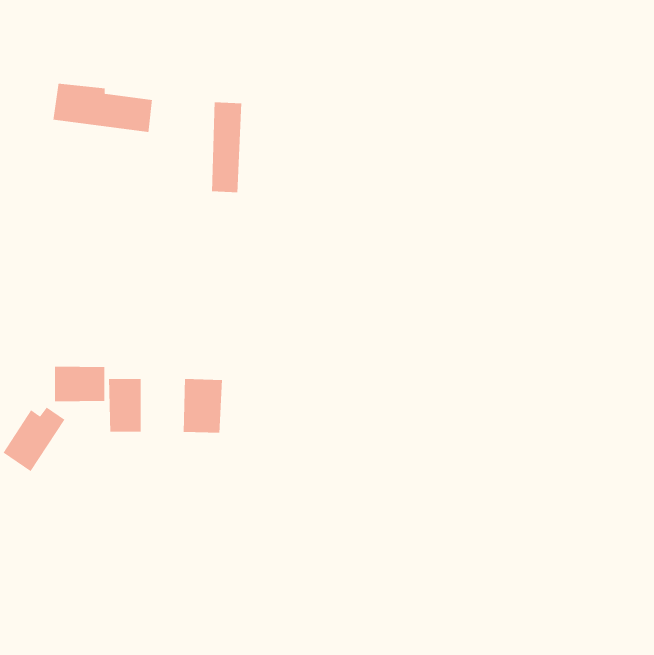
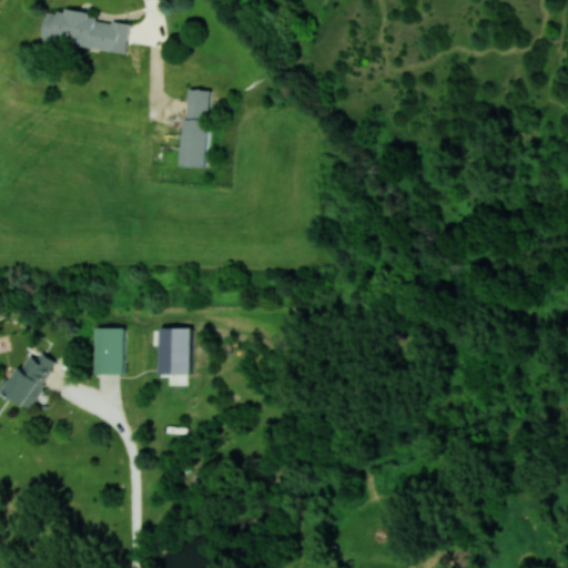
building: [53,83,153,133] -> [41,10,128,53]
building: [54,366,105,402] -> none

